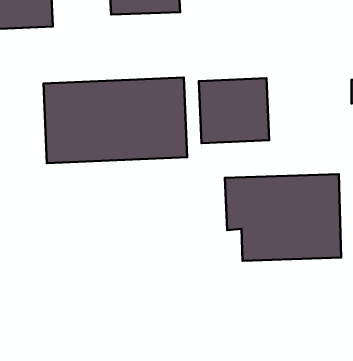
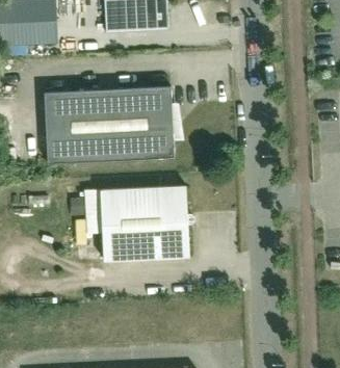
building: [199,78,269,143] -> none
building: [225,174,341,261] -> [85,185,187,261]

